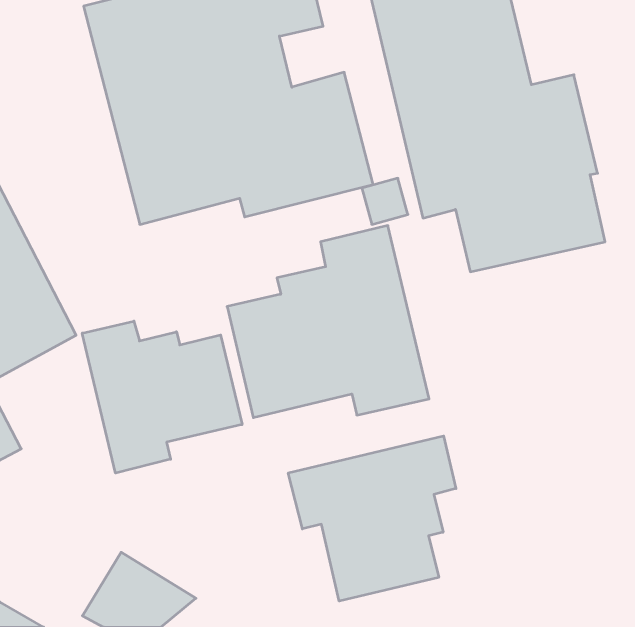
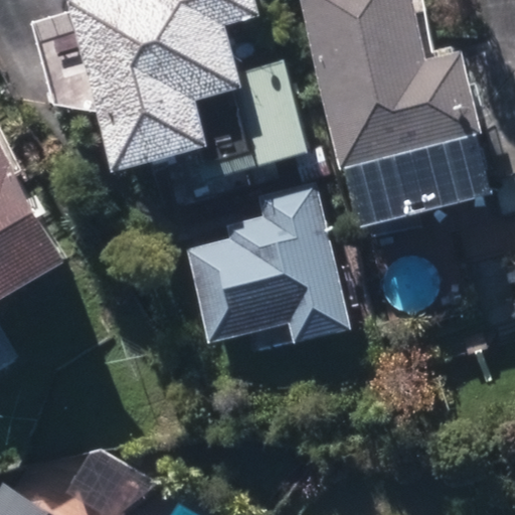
building: [82,321,242,473] -> none
building: [288,436,456,601] -> none

